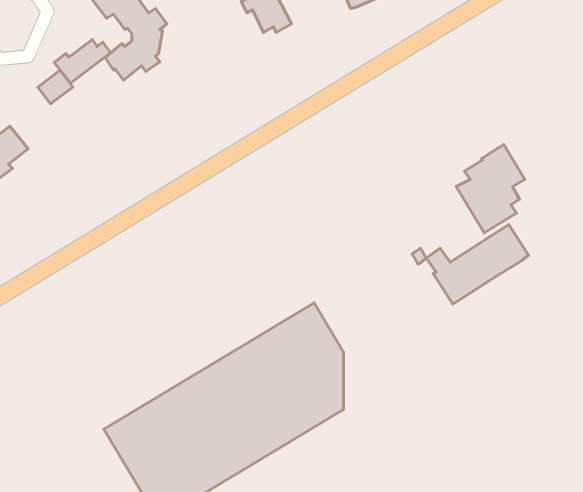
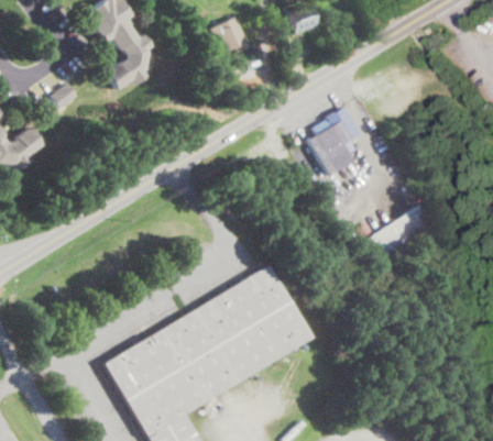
building: [54,39,111,83] -> none
building: [456,144,525,233] -> [306,107,360,176]
building: none -> [291,304,310,349]

